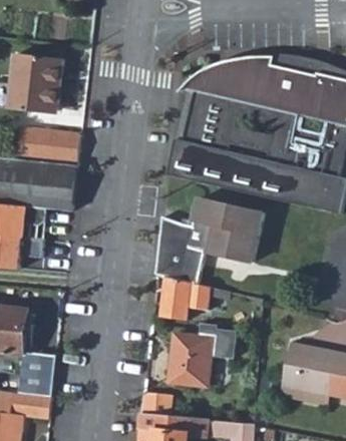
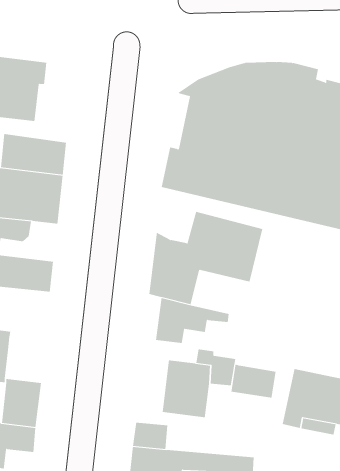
building: none -> [231,364,276,399]

